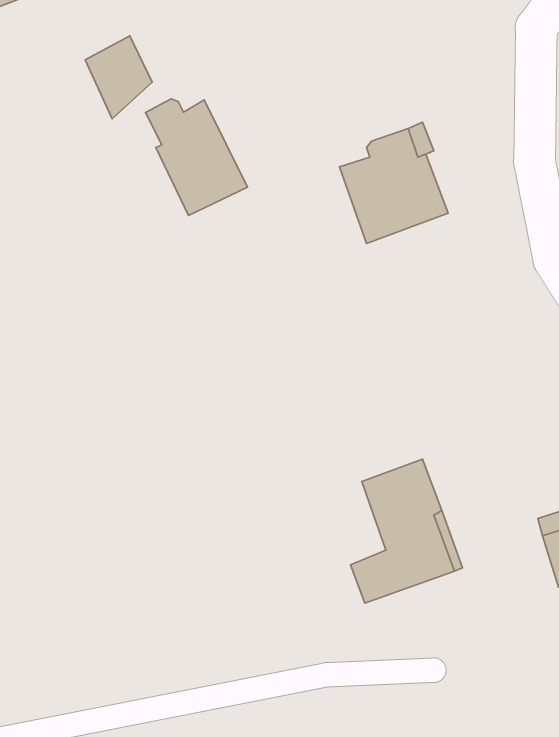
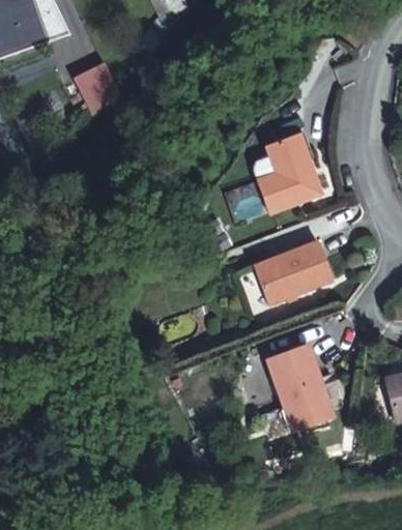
building: [145,99,247,216] -> none
building: none -> [254,238,334,300]

